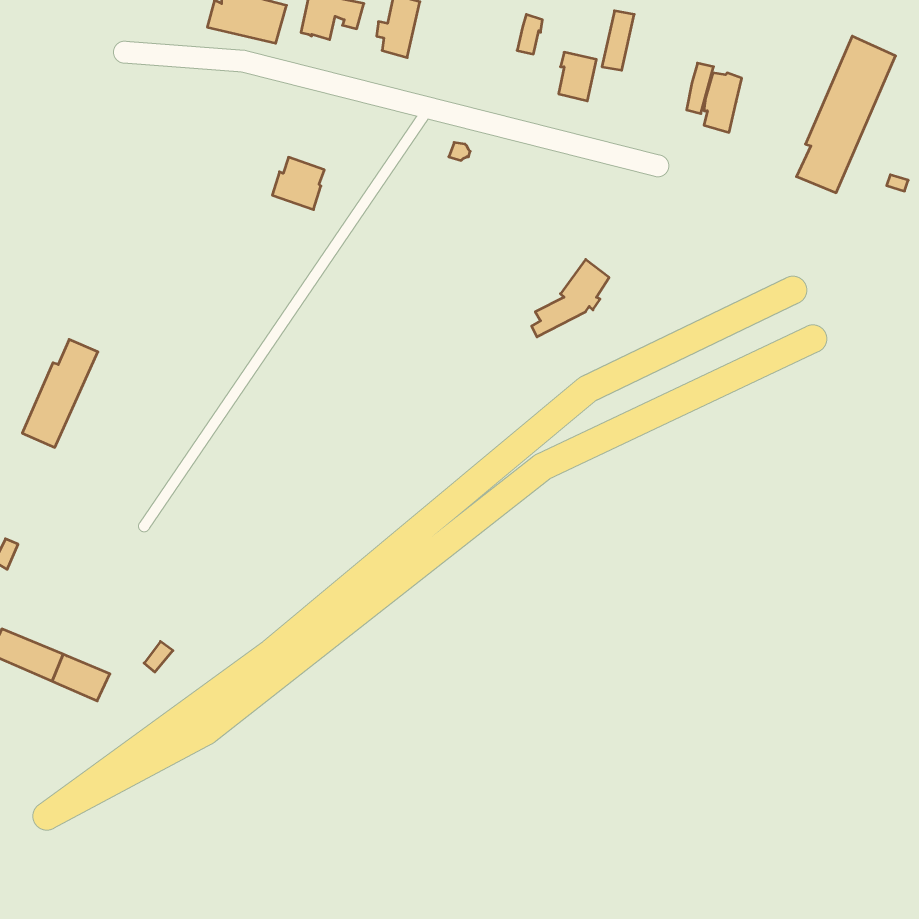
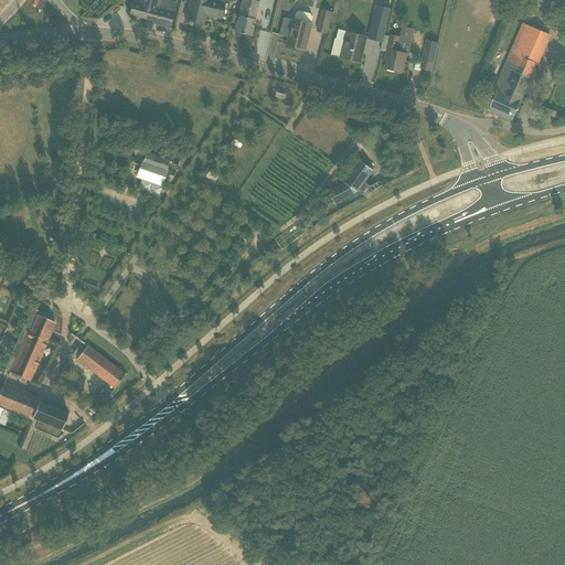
building: none -> [286,10,312,49]
building: [704,73,742,132] -> [385,35,408,72]
building: [272,157,324,210] -> [136,152,168,184]
building: [22,339,98,447] -> [8,313,54,380]
building: none -> [75,344,124,387]

